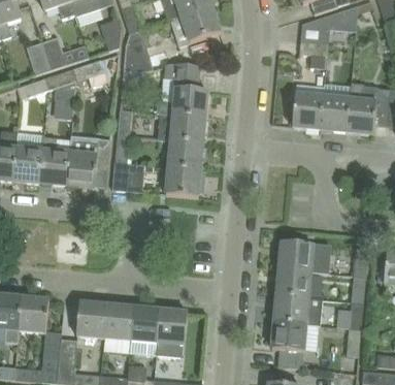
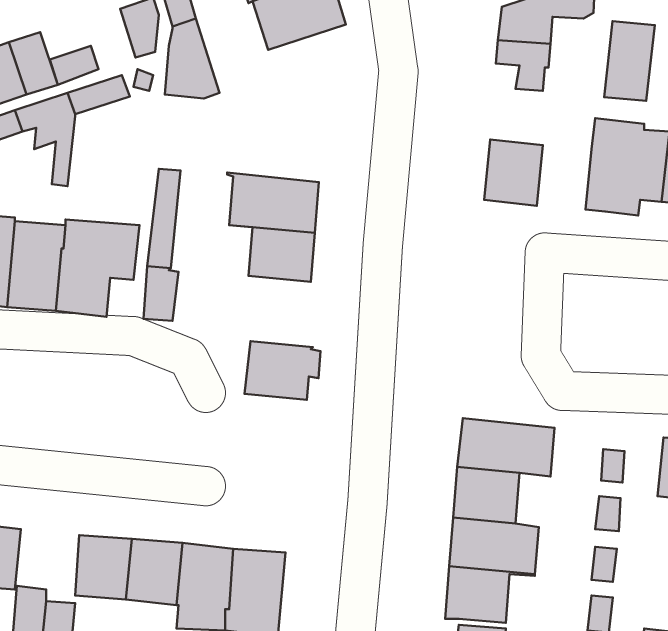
building: none -> [604,21,655,101]
building: [157,63,207,117] -> none
building: [321,97,350,131] -> none
building: [165,166,205,197] -> [245,341,321,400]

